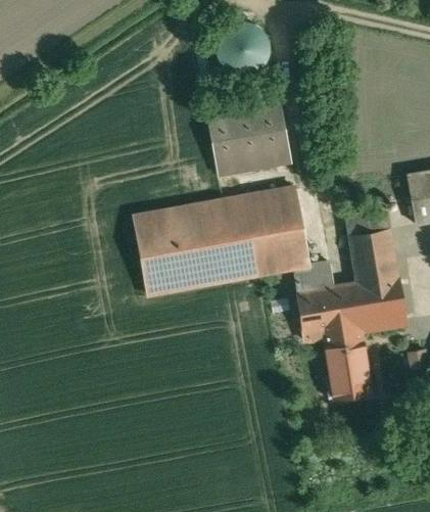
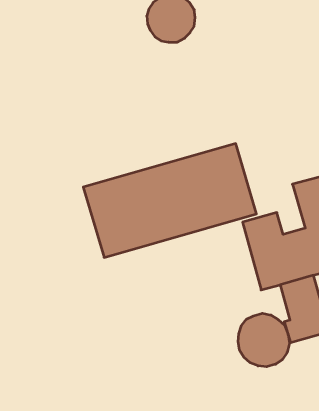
building: [206,95,291,177] -> none
building: none -> [238,313,290,367]

